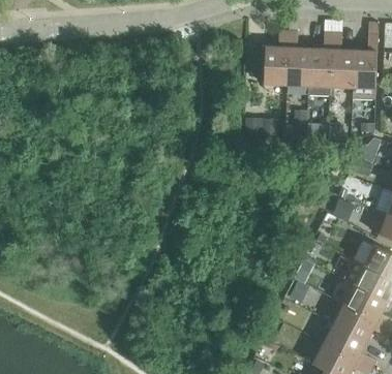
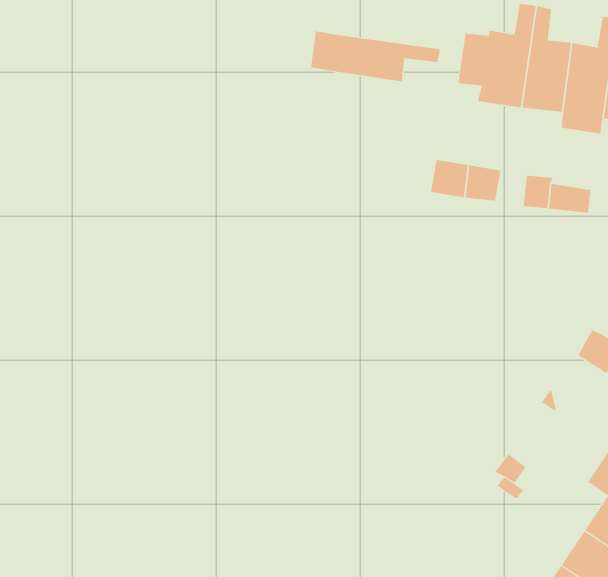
building: none -> [311,30,440,82]

